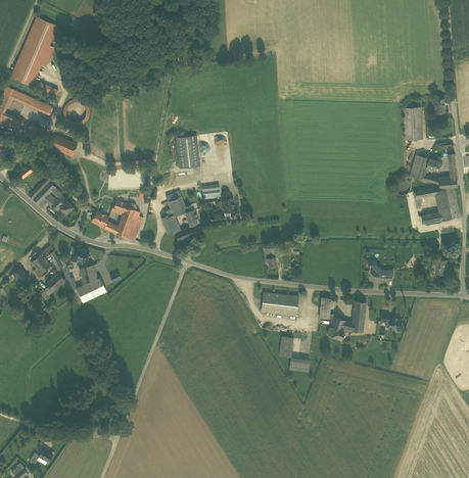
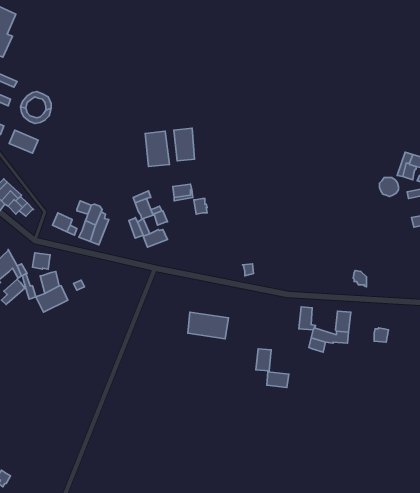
building: [404,107,423,139] -> none
building: none -> [174,128,195,161]
building: [262,292,299,317] -> [188,312,229,339]

